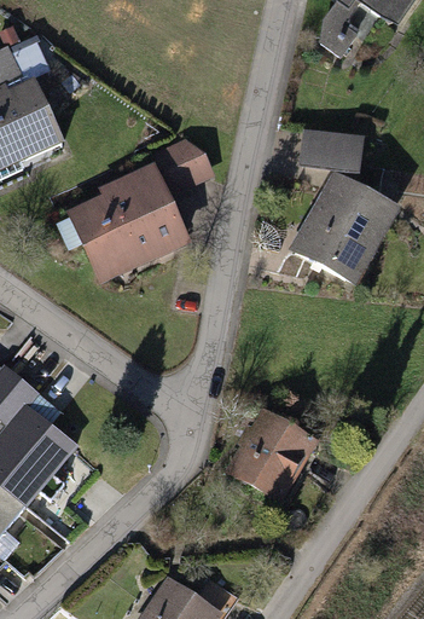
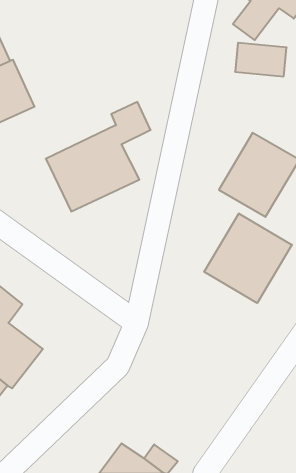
building: [301,127,367,170] -> [235,43,287,76]
building: none -> [204,213,292,303]
building: [225,410,309,496] -> none

